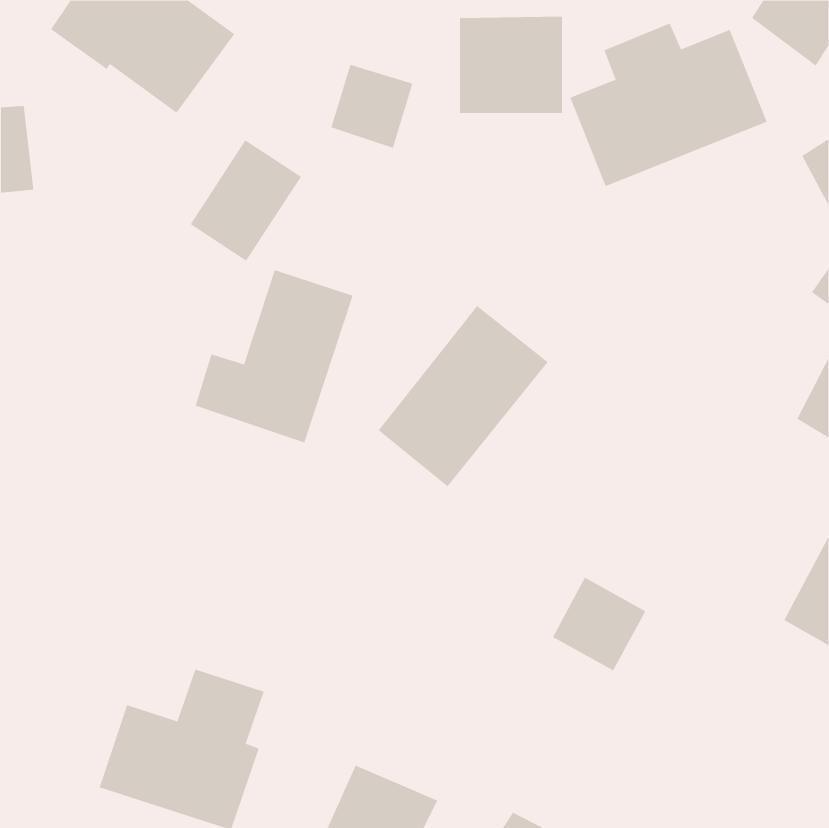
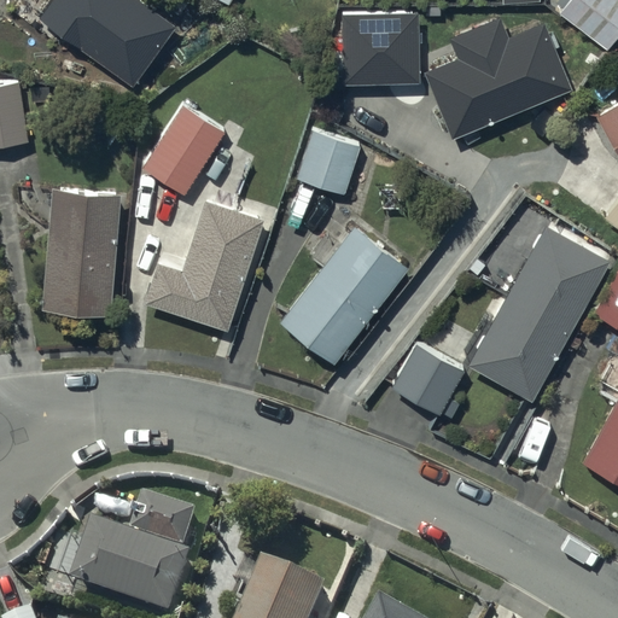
building: [330,64,413,149] -> [297,132,358,194]
building: none -> [42,190,119,315]
building: none -> [467,226,610,402]
building: [552,577,646,671] -> [391,344,461,414]

